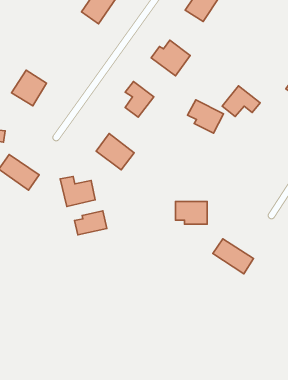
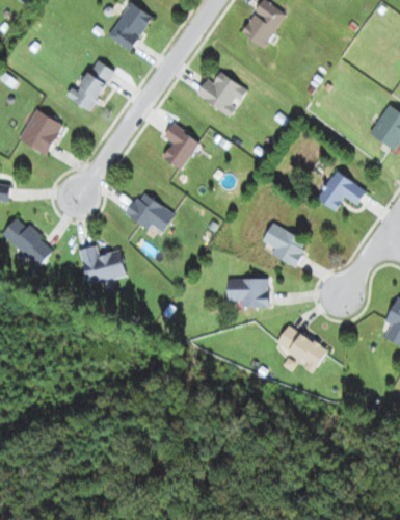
building: none -> [69,58,114,111]
building: [222,86,260,117] -> [317,171,366,210]
building: [188,100,223,133] -> [262,224,308,266]
building: [75,211,107,235] -> none

